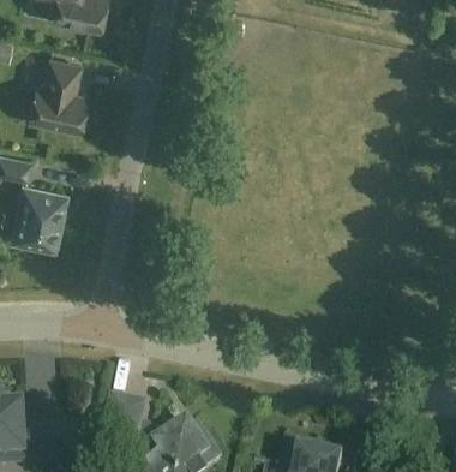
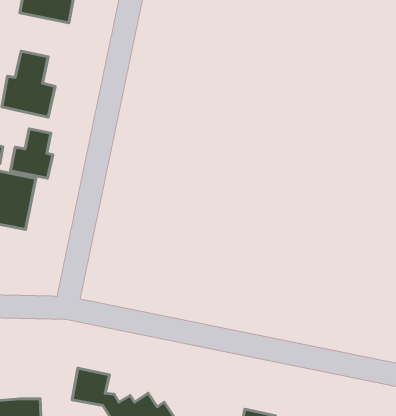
building: none -> [11,129,53,178]

